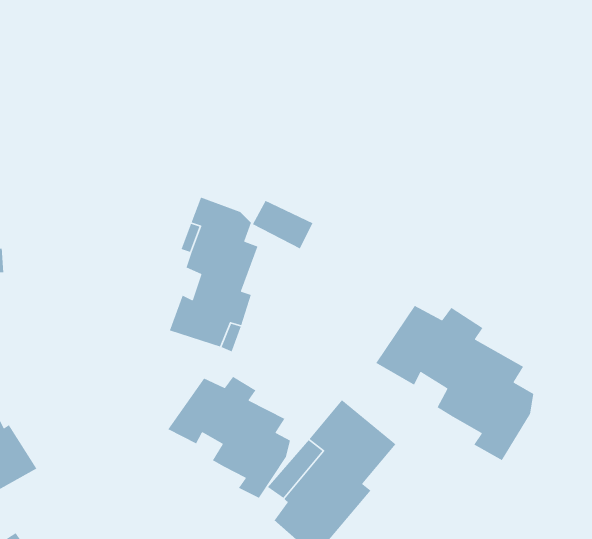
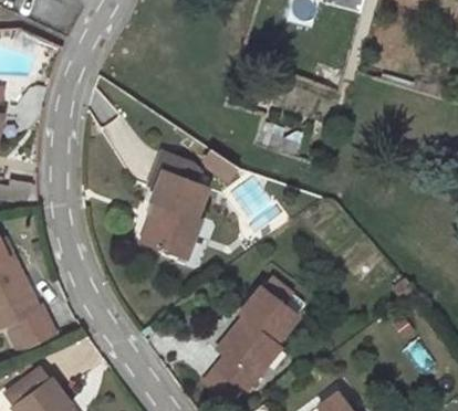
building: [375,305,534,461] -> none
building: [167,376,291,499] -> none

